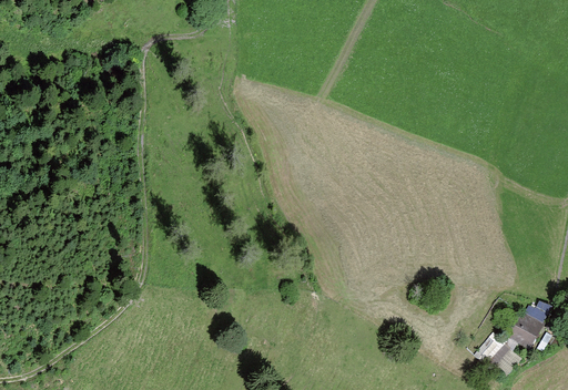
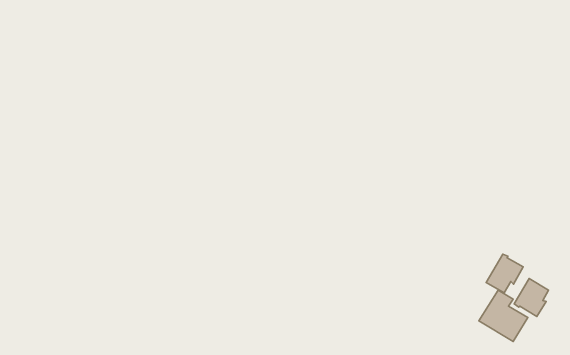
building: none -> [486,254,523,293]

